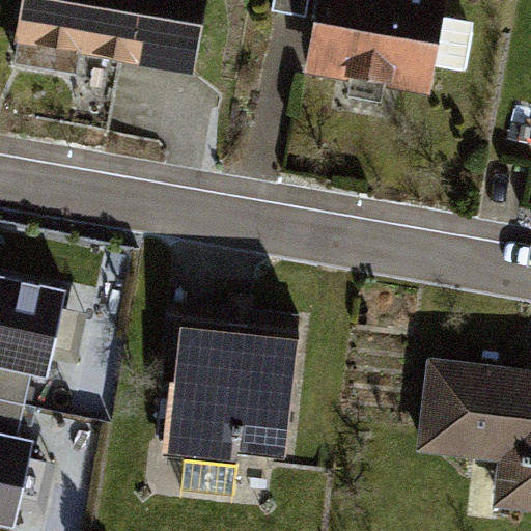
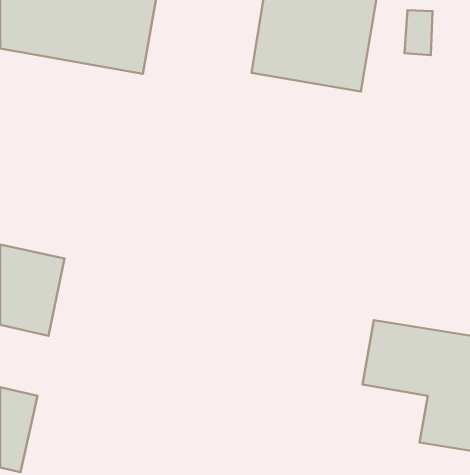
building: [159,327,298,459] -> none

